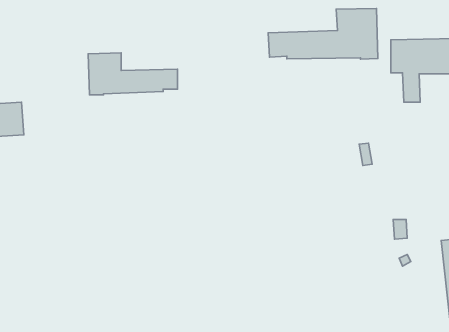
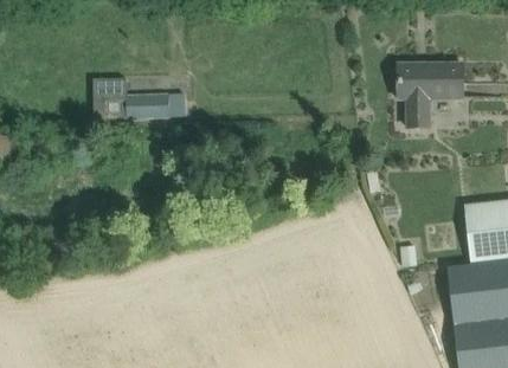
building: [268,9,378,59] -> none

